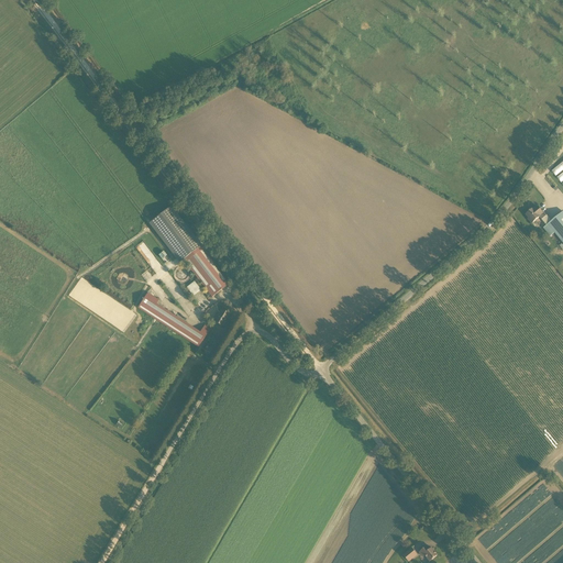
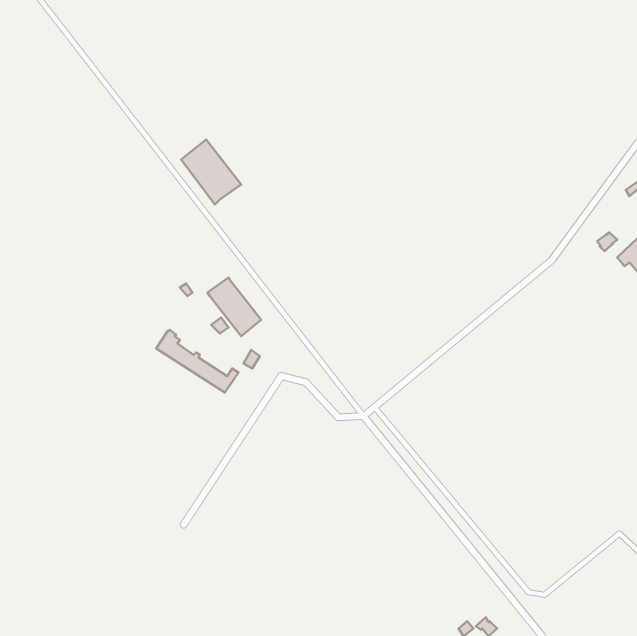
building: [150,205,202,262] -> [181,140,241,205]

